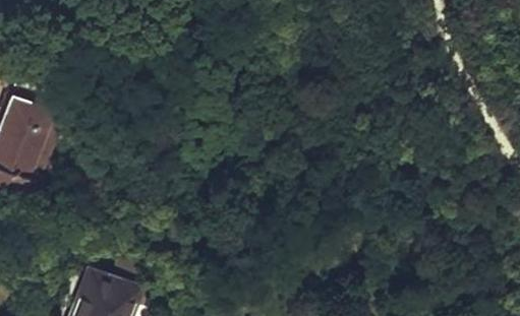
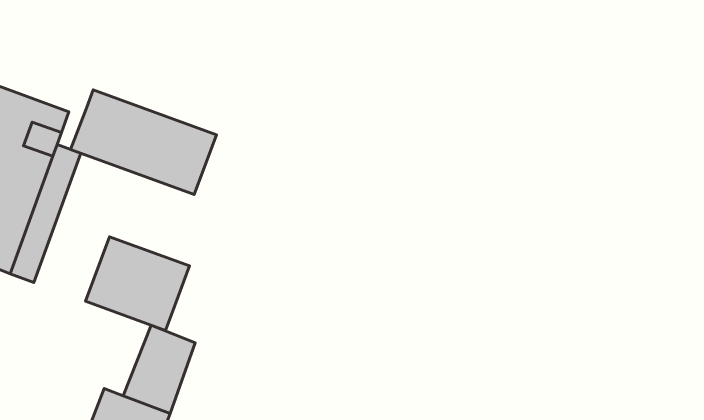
building: none -> [71,90,217,194]
building: none -> [85,237,190,330]

